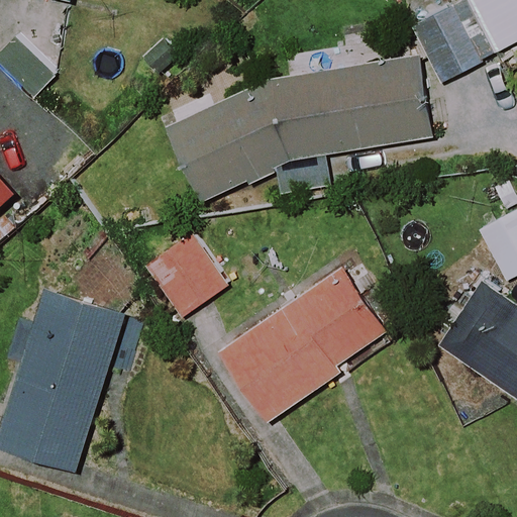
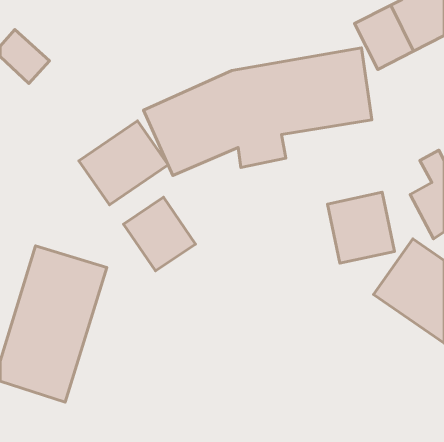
building: none -> [79,121,168,205]
building: none -> [327,192,395,263]
building: [218,264,388,419] -> none

